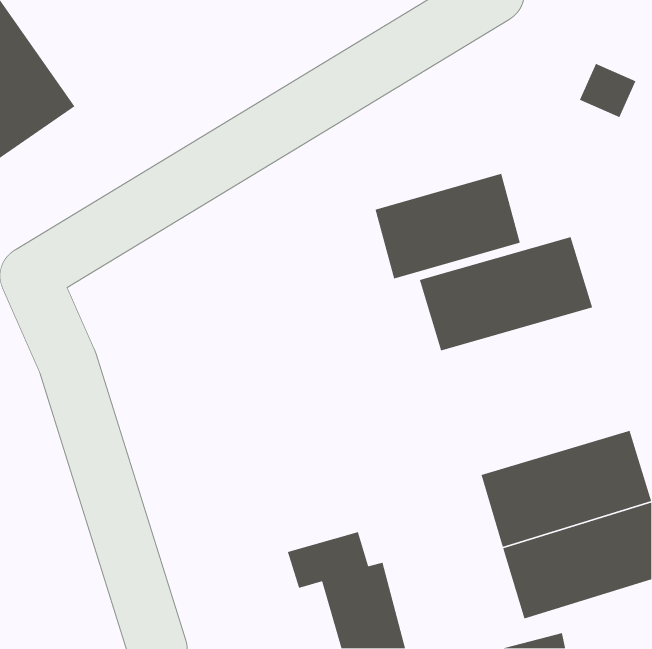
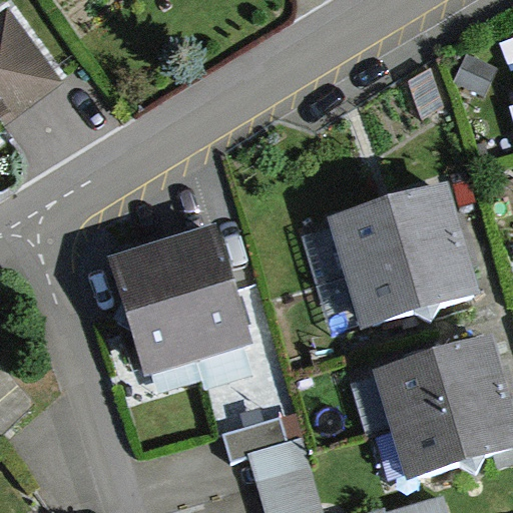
building: [374,173,521,280] -> none
building: none -> [108,226,246,376]
building: none -> [345,240,479,328]

